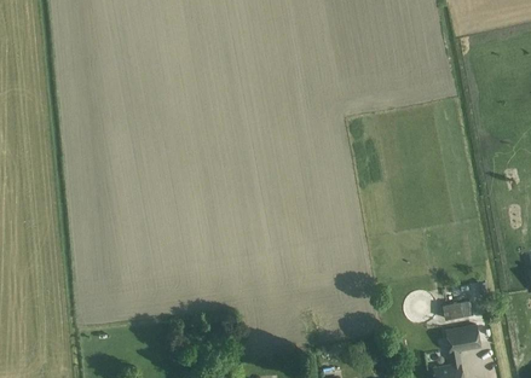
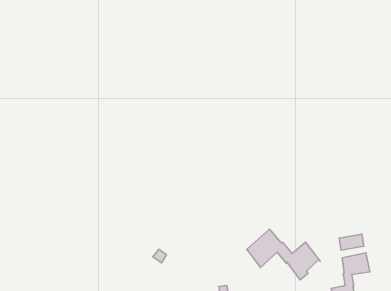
building: none -> [247,229,320,280]

